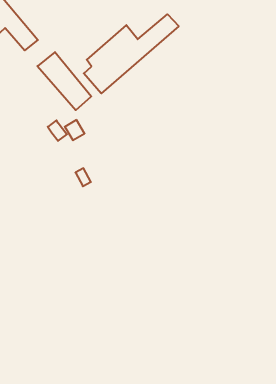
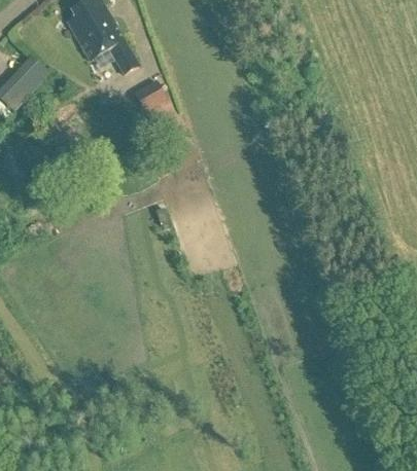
building: [84,14,179,93] -> none

